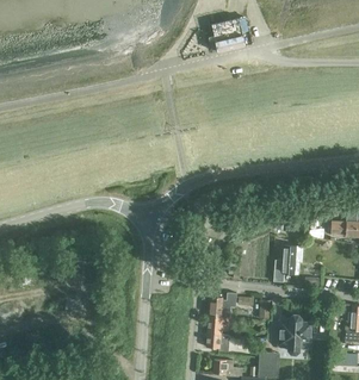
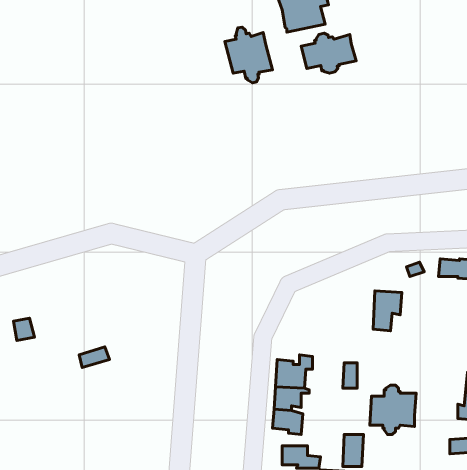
building: none -> [225,27,273,83]
building: none -> [301,33,356,73]

